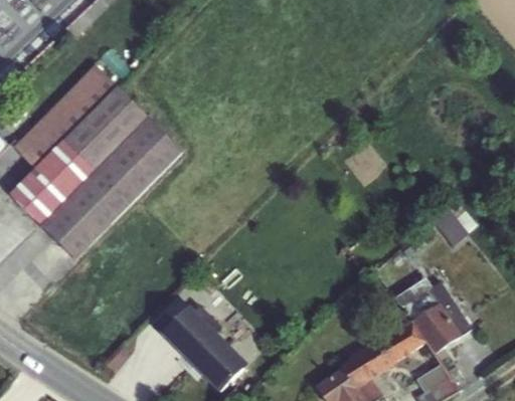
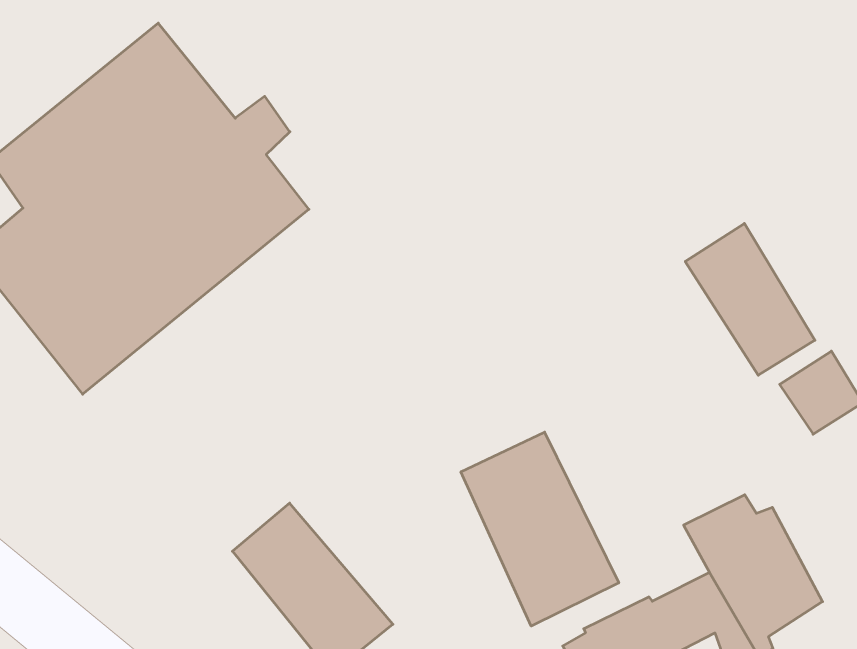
building: none -> [685,223,815,375]
building: none -> [461,432,619,626]

